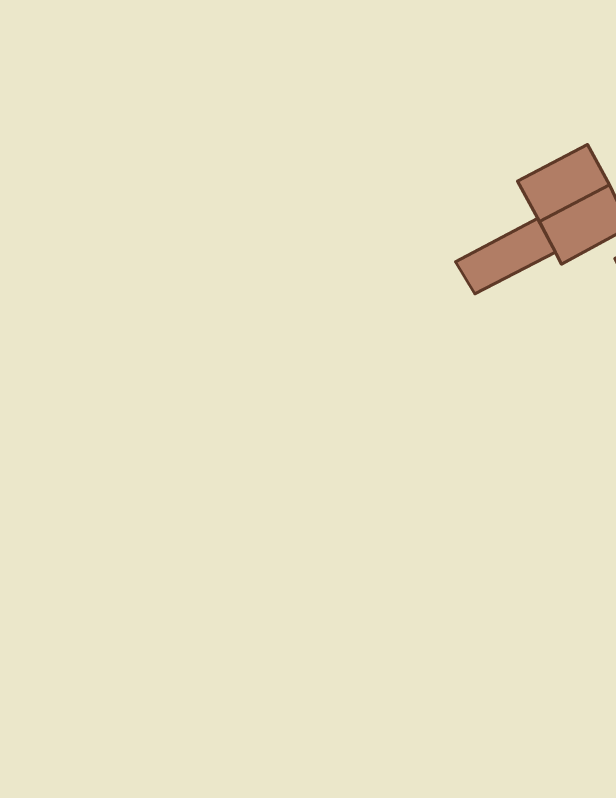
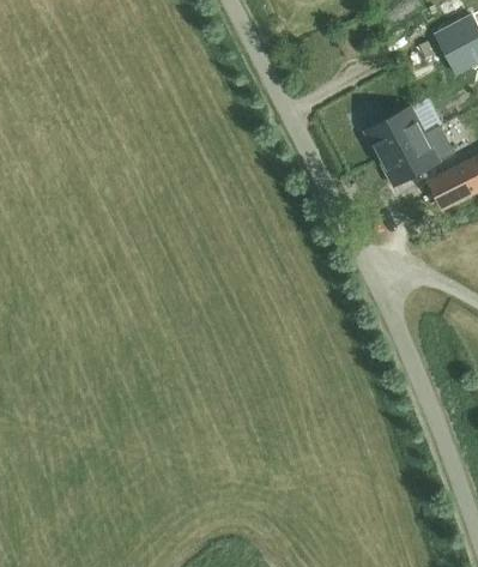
building: [456,219,555,294] -> none

